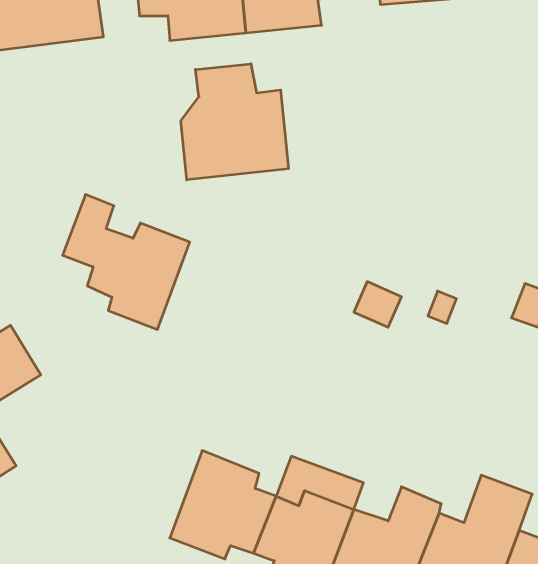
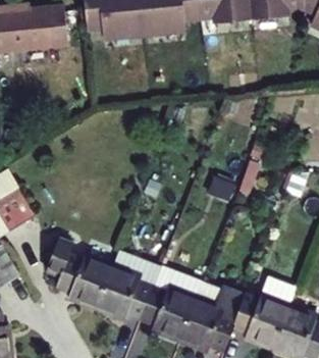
building: [181,64,288,180] -> none
building: [63,195,190,329] -> [51,239,119,311]

